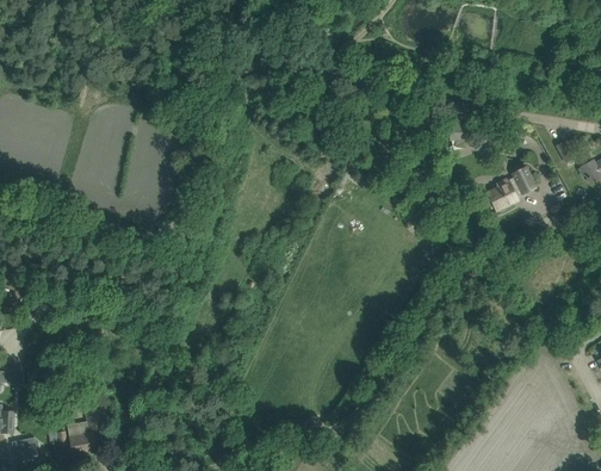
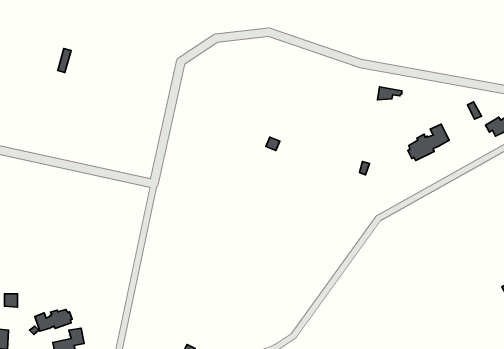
building: none -> [35,309,72,331]

